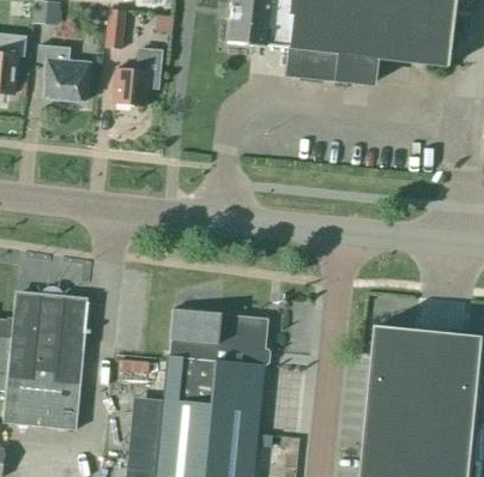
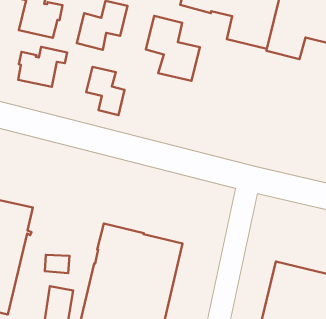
building: none -> [146,16,200,81]
building: none -> [18,47,67,87]
building: none -> [86,67,124,115]

